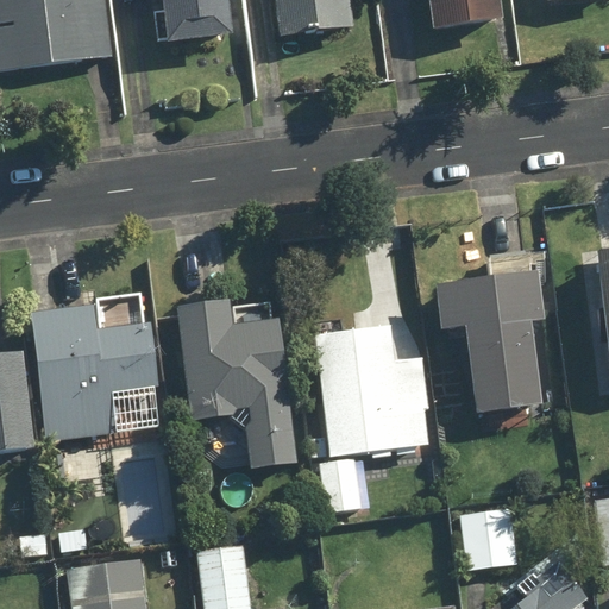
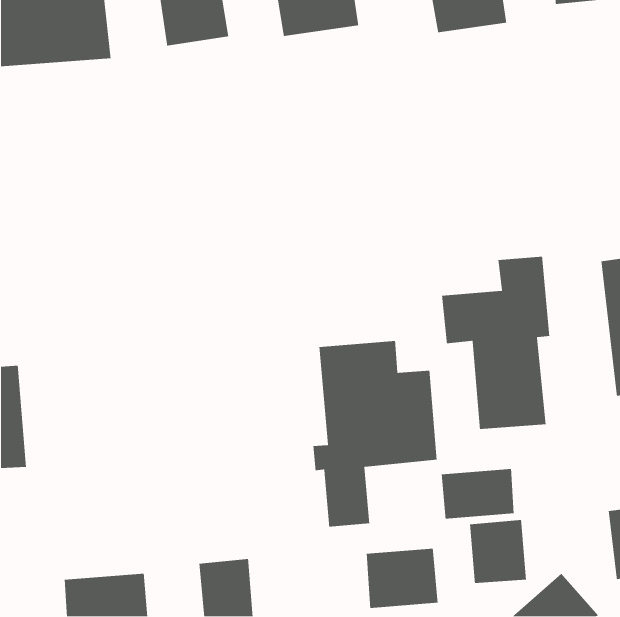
building: [32,291,158,440] -> none
building: [175,301,291,470] -> none
building: none -> [441,468,515,519]
building: none -> [366,548,439,609]

